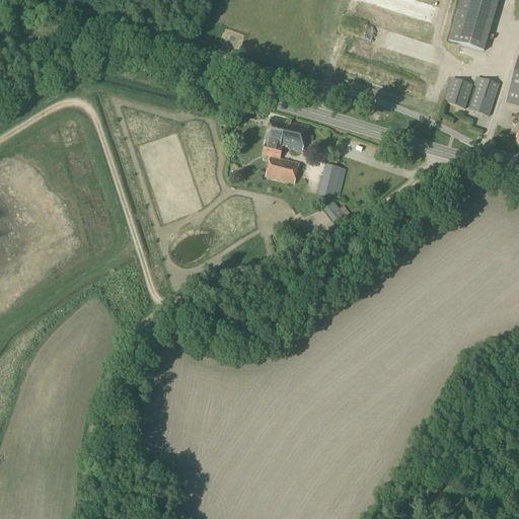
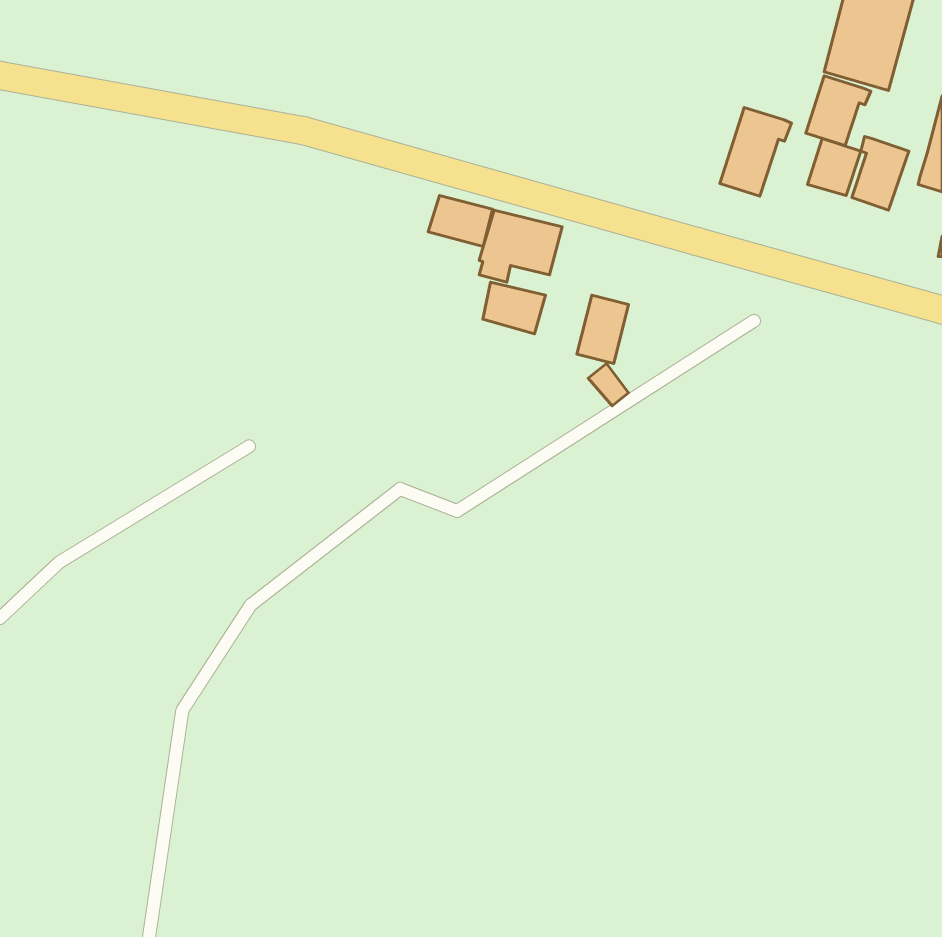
building: none -> [806,76,871,146]
building: none -> [720,107,792,196]
building: none -> [428,196,493,247]

